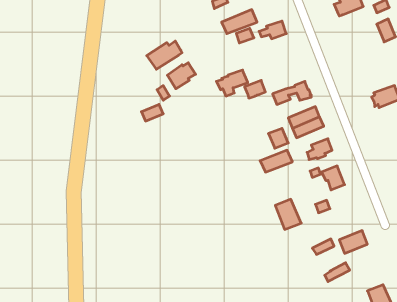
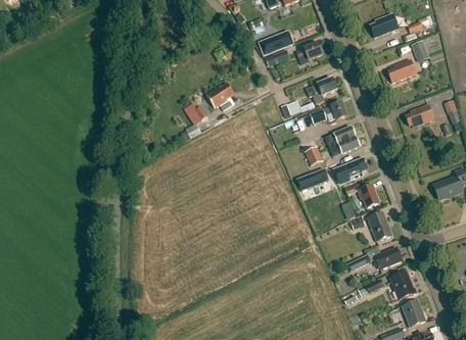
building: none -> [387,59,416,83]
building: [147,41,182,69] -> none
building: [216,70,248,96] -> [306,78,336,103]
building: [275,199,301,229] -> [367,211,392,241]
building: none -> [389,272,416,299]

